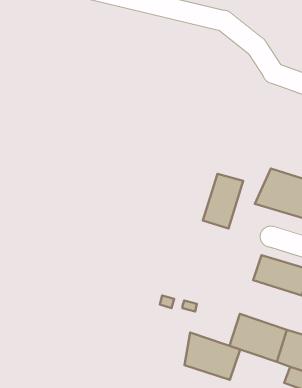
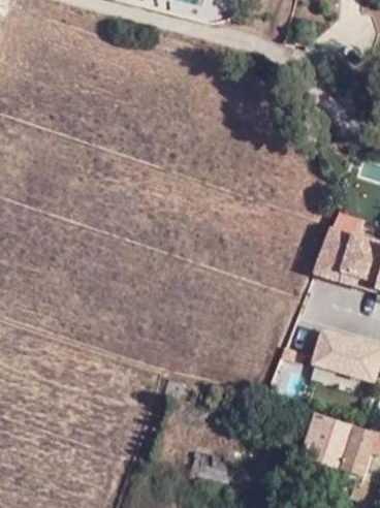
building: [203,174,243,229] -> none
building: [185,332,240,380] -> none

